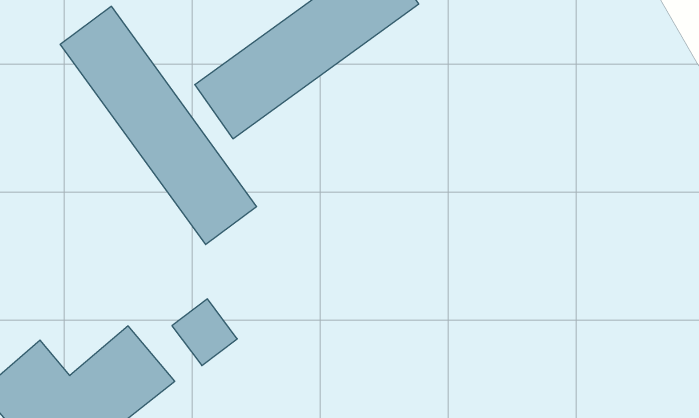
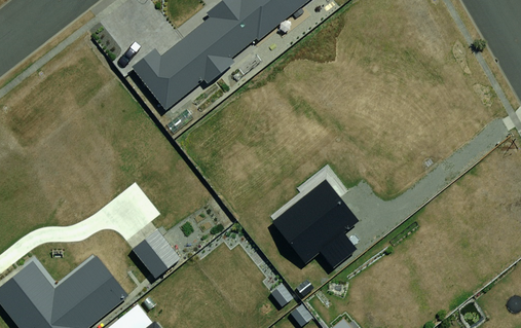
building: [60,6,257,245] -> none
building: none -> [262,172,350,265]

